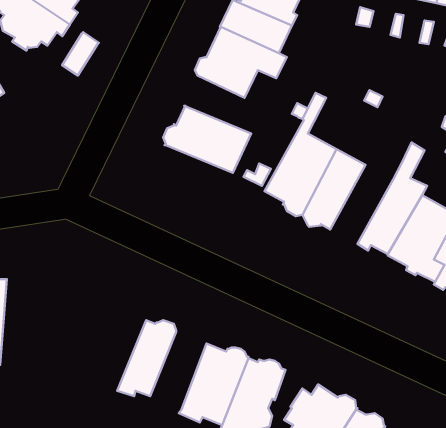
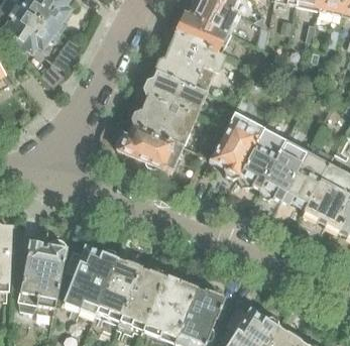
building: none -> [144,71,207,115]
building: none -> [115,124,184,168]
building: none -> [258,139,307,200]
building: none -> [18,238,66,312]
building: none -> [62,245,117,316]
building: none -> [117,267,164,330]

